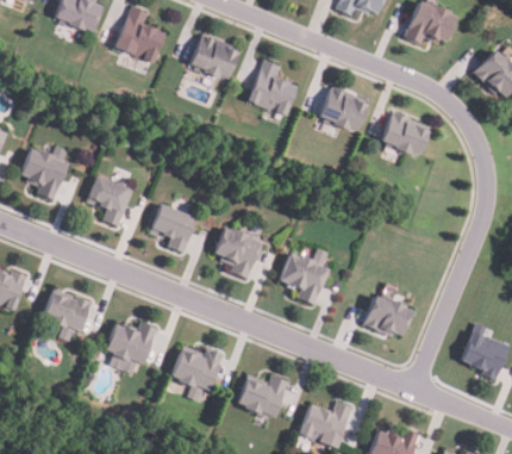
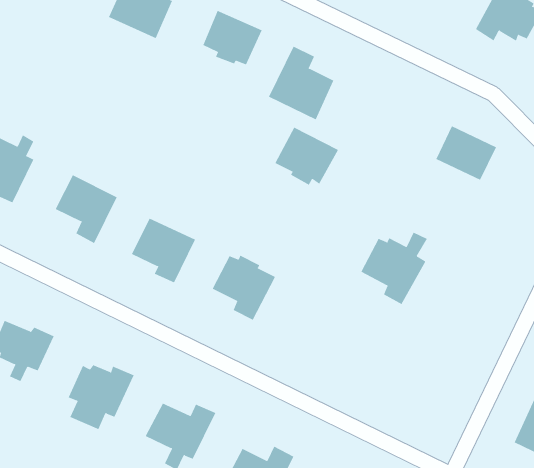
building: [319,86,369,131] -> [274,127,339,185]
building: [277,247,329,305] -> [361,232,428,305]
building: [363,296,410,332] -> none

